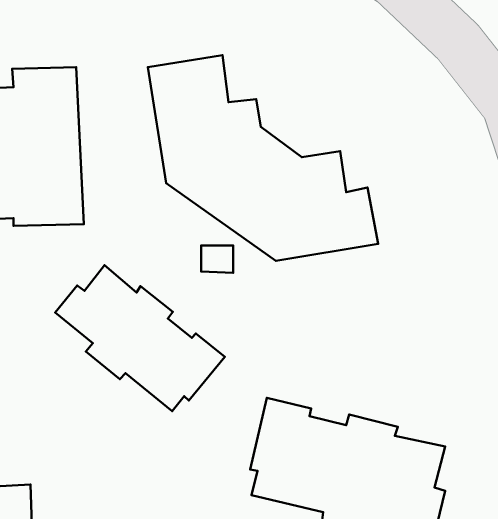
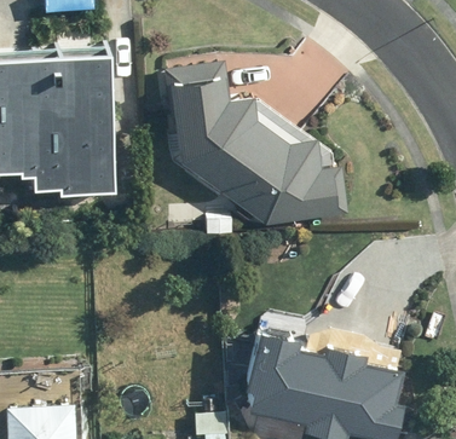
building: [55,265,225,411] -> none

